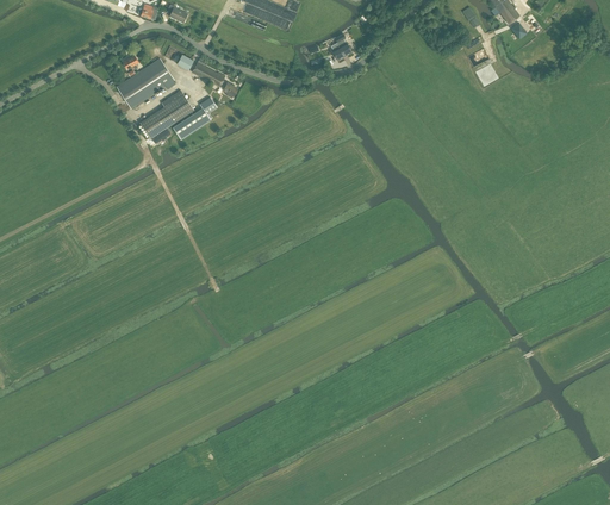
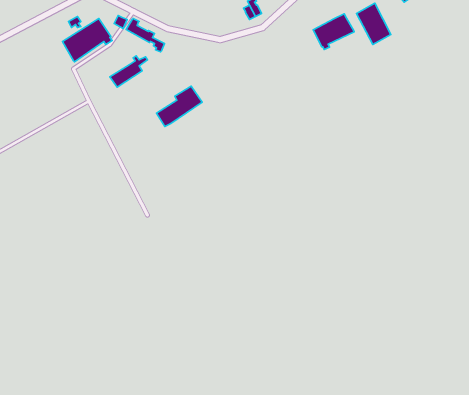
building: none -> [313,14,354,50]
building: [141,91,194,138] -> [157,86,202,126]

